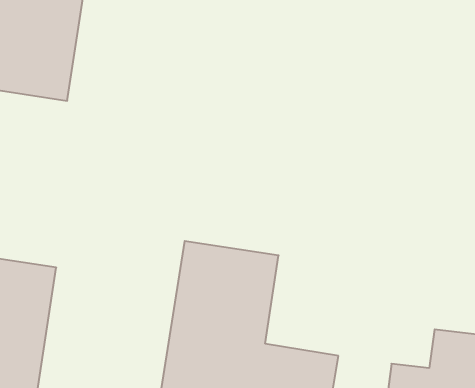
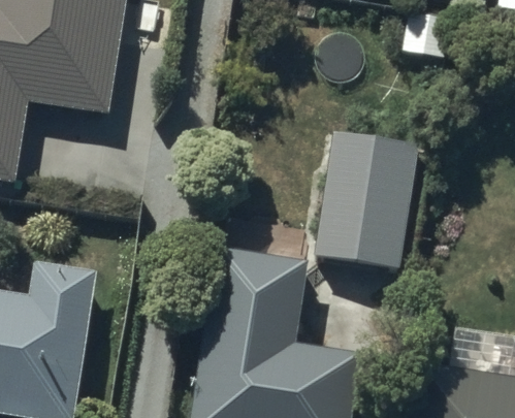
building: none -> [315,128,420,265]

